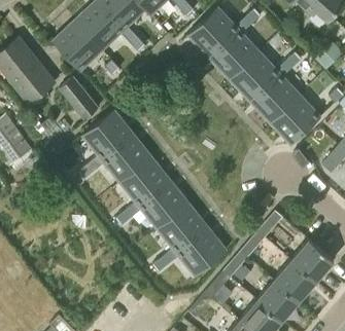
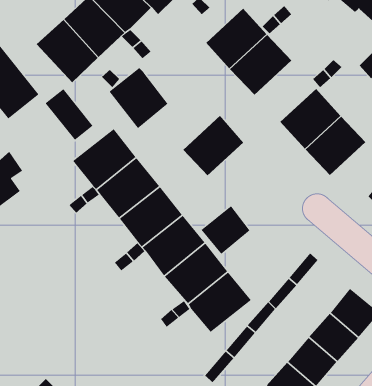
building: [230,53,280,104] -> [183,115,244,176]
building: none -> [108,67,169,129]
building: none -> [201,205,250,255]

